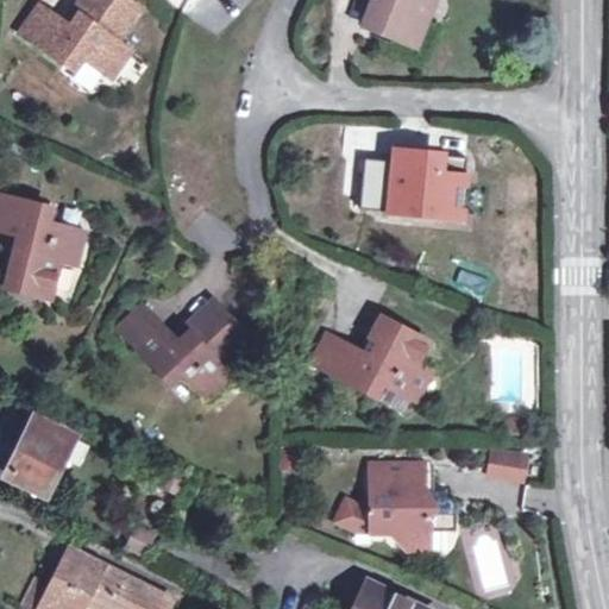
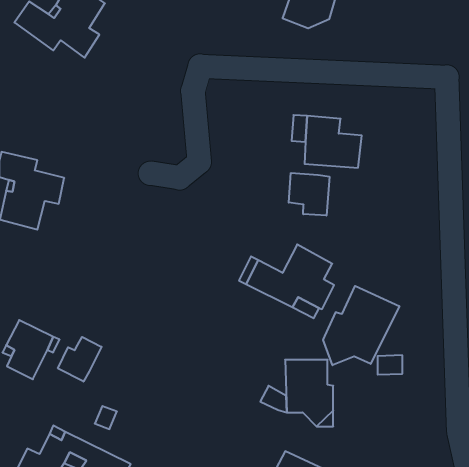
building: none -> [289,173,329,216]
building: [119,300,250,397] -> none
building: none -> [323,286,399,365]
building: none -> [58,337,102,382]

